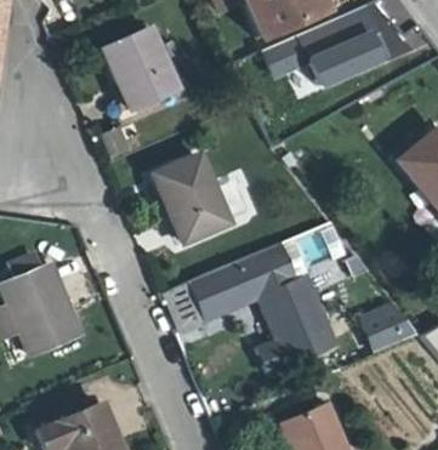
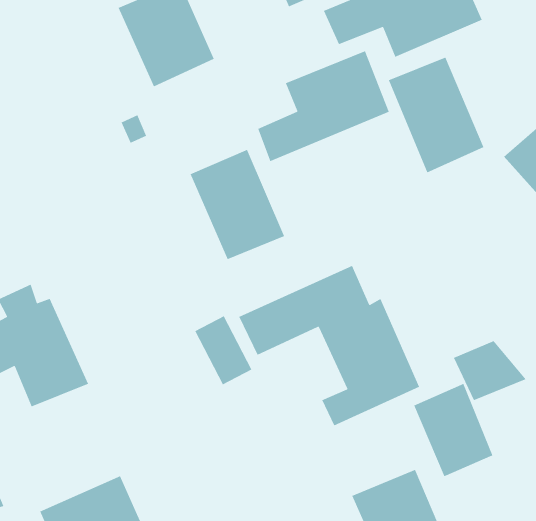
building: none -> [257,50,390,162]
building: none -> [388,57,484,173]
building: none -> [413,383,493,477]

